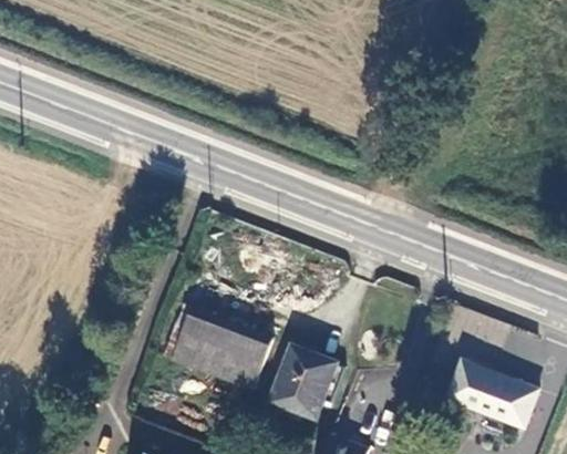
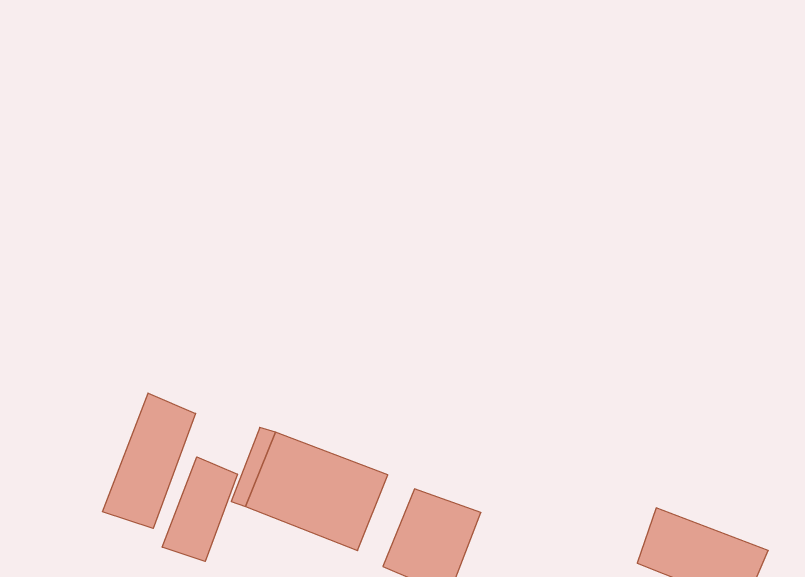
building: none -> [103,393,196,528]
building: none -> [162,457,237,561]

